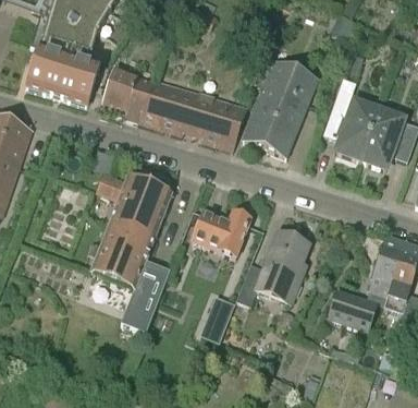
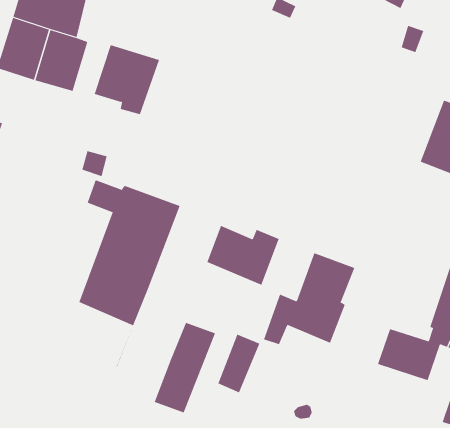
building: [243,59,318,154] -> none
building: [324,75,380,157] -> none
building: [140,76,247,147] -> none
building: [122,257,171,329] -> [154,322,216,413]

